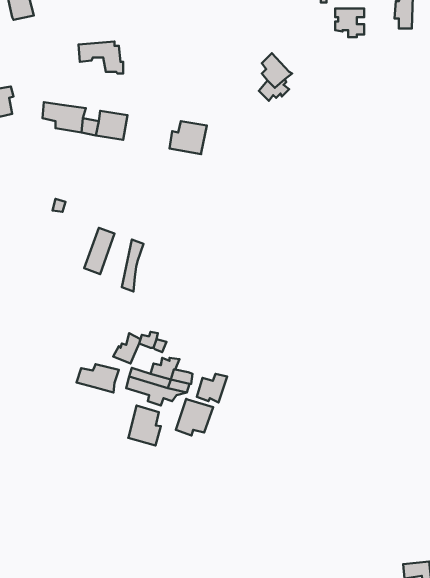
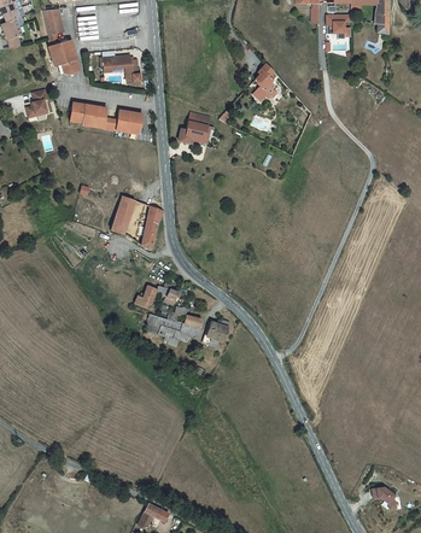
building: none -> [49,36,80,70]
building: [76,364,119,393] -> none
building: [176,399,213,436] -> none
building: [128,406,161,446] -> none

